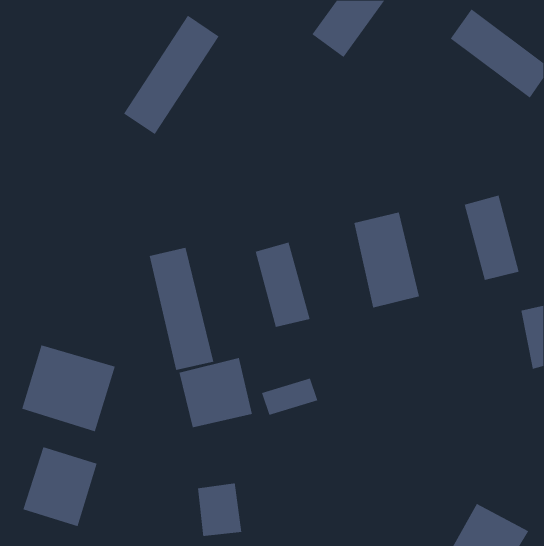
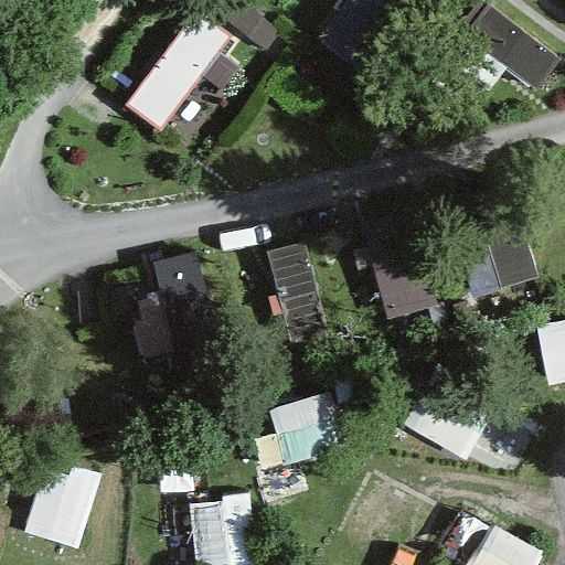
building: [22,344,115,432] -> none
building: [179,357,252,428] -> none

